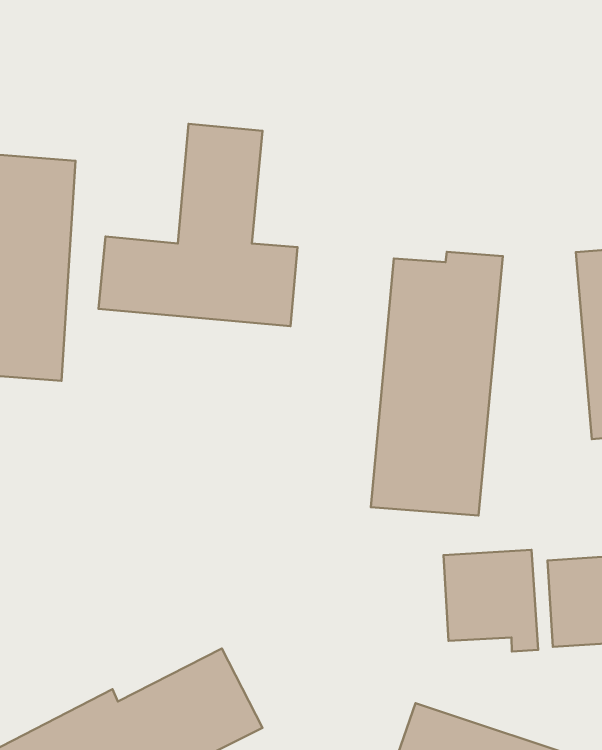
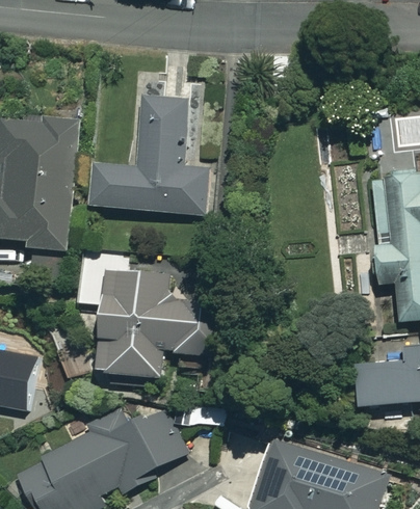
building: [371,252,503,515] -> none
building: none -> [79,261,213,376]
building: [443,550,538,652] -> none

